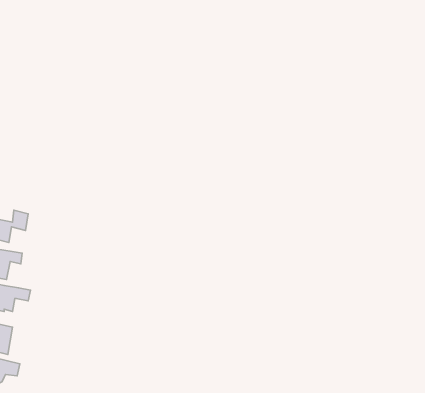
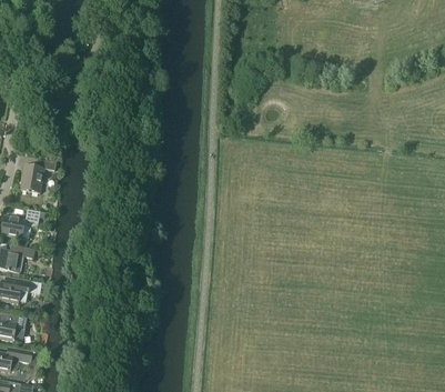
building: none -> [19,159,55,193]

